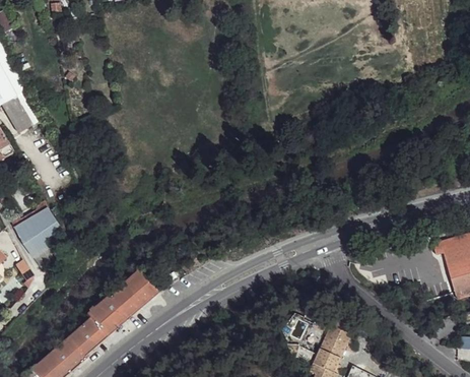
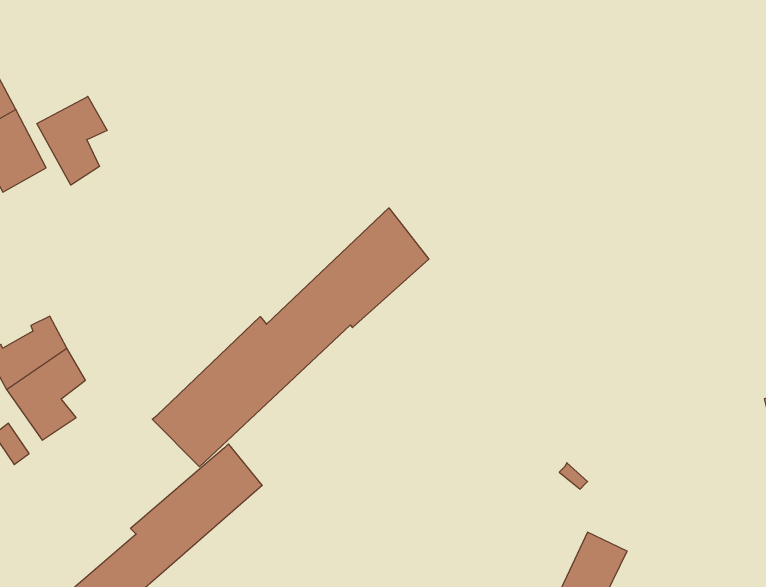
building: none -> [37,96,107,185]
building: none -> [152,208,429,467]

